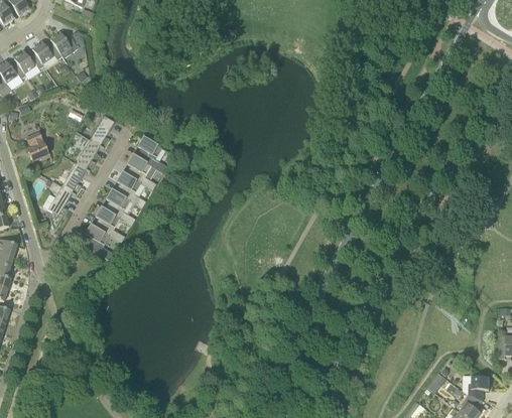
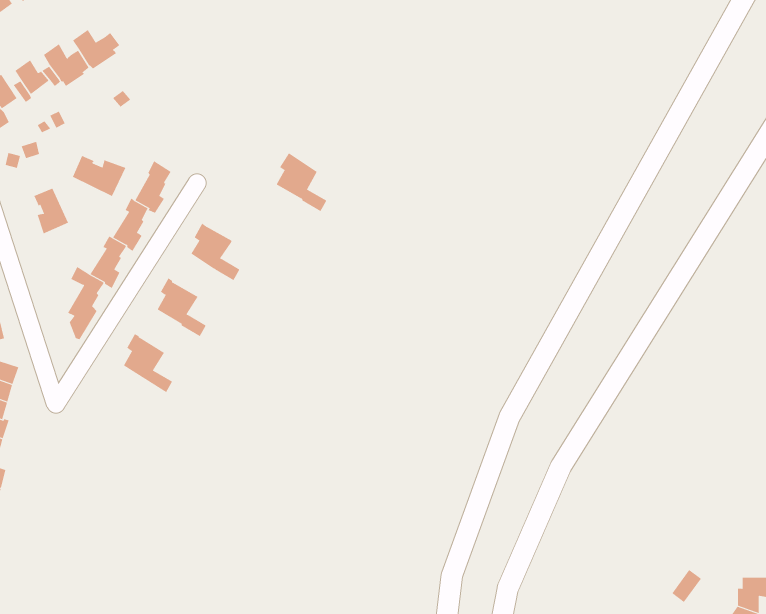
building: none -> [72,155,126,197]
building: [135,135,167,172] -> [276,153,327,212]
building: [114,170,146,207] -> none
building: [93,205,125,242] -> none

